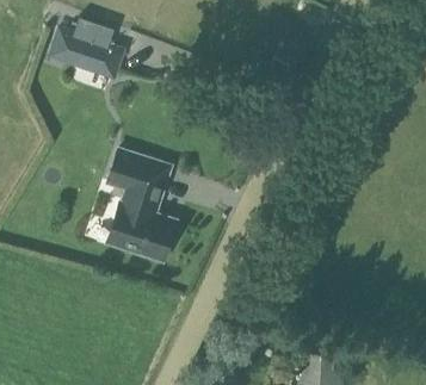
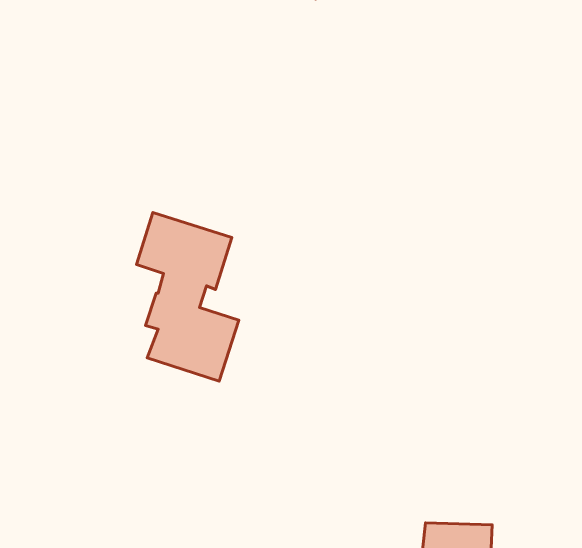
building: [50,24,113,70] -> none

